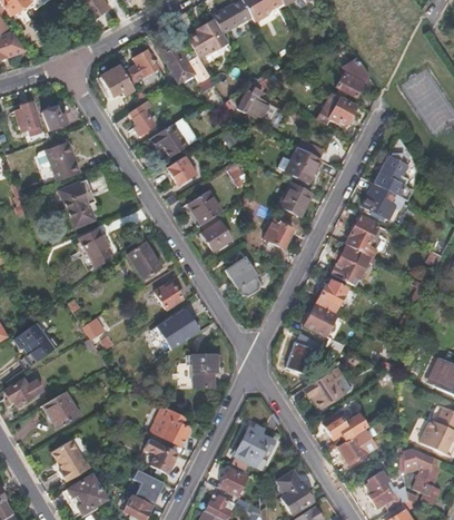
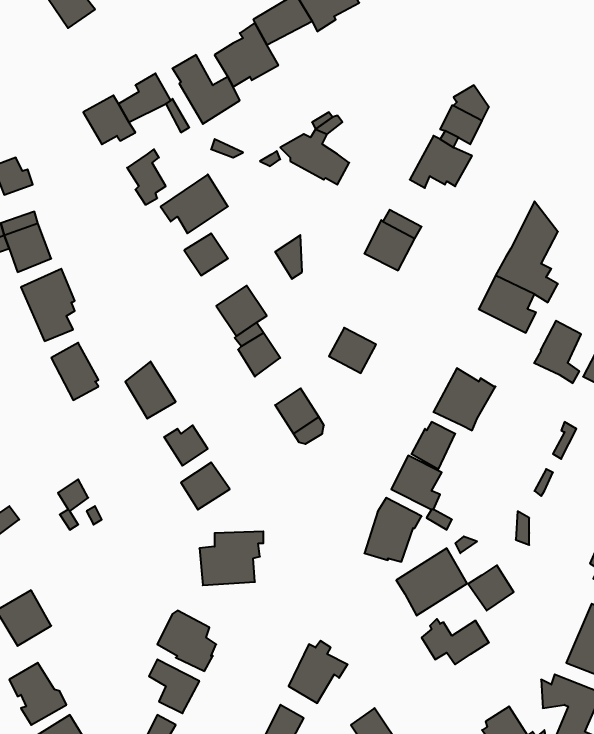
building: [279,181,312,215] -> none
building: [346,216,377,257] -> [534,321,581,383]
building: [337,434,367,464] -> [468,565,514,611]

